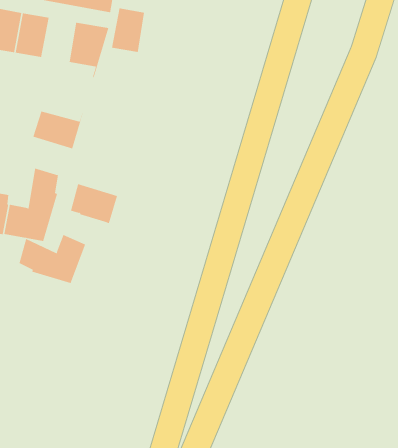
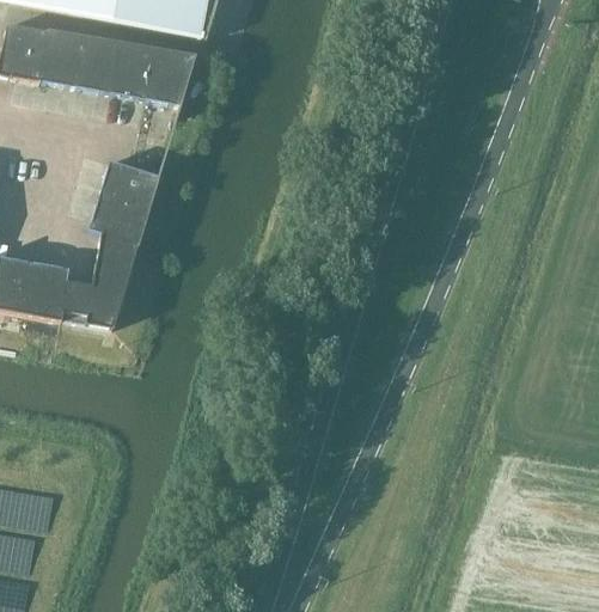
building: [111,8,145,53] -> [111,39,154,97]
building: [70,184,118,224] -> [90,192,151,244]
building: [19,234,86,284] -> none

